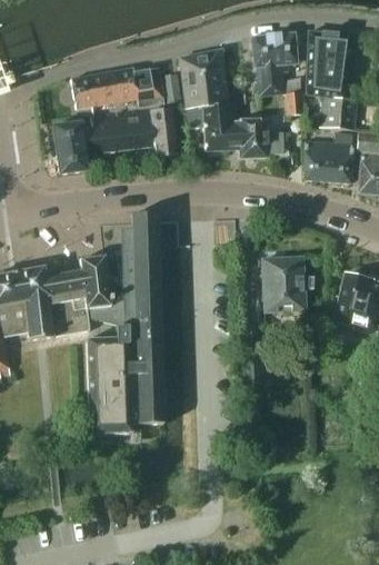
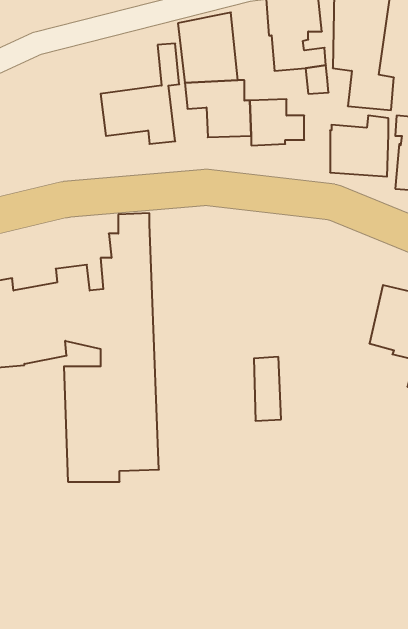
building: [70,67,163,108] -> none
building: [51,115,120,174] -> none
building: [261,256,305,311] -> none

